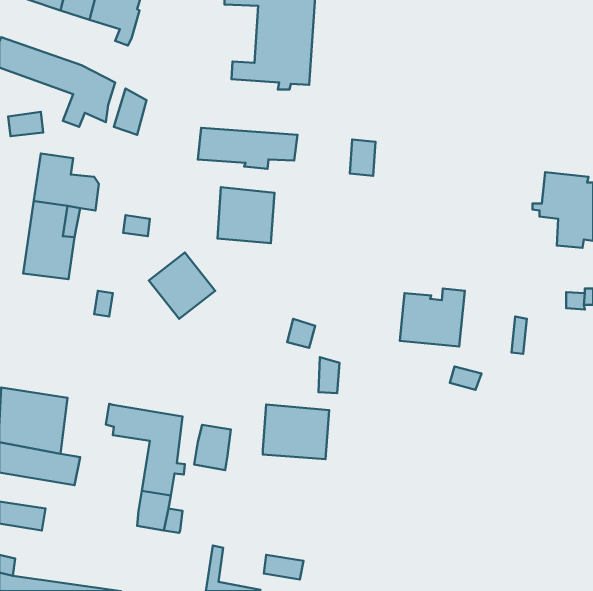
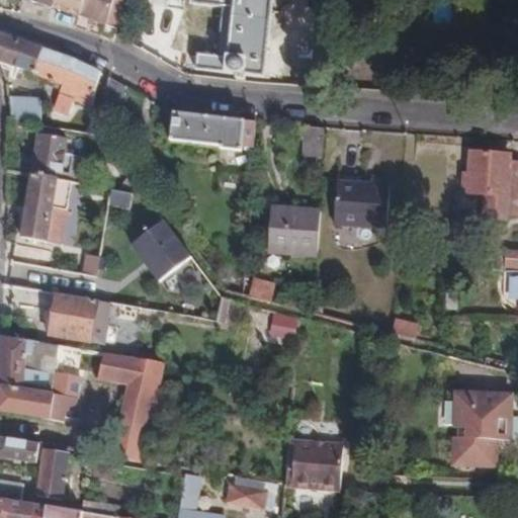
building: [217,187,274,243] -> [271,193,321,242]
building: [400,288,465,347] -> [335,175,392,226]
building: none -> [42,291,107,343]
building: [263,404,329,459] -> [284,441,342,489]
building: [194,425,231,470] -> none
building: none -> [451,393,511,467]
building: none -> [35,446,77,501]

